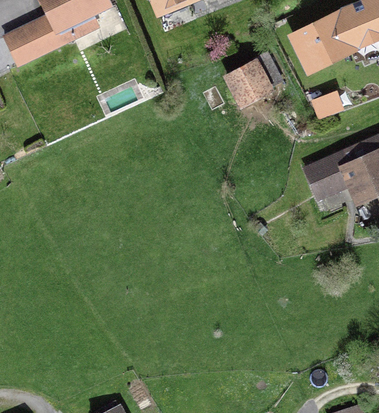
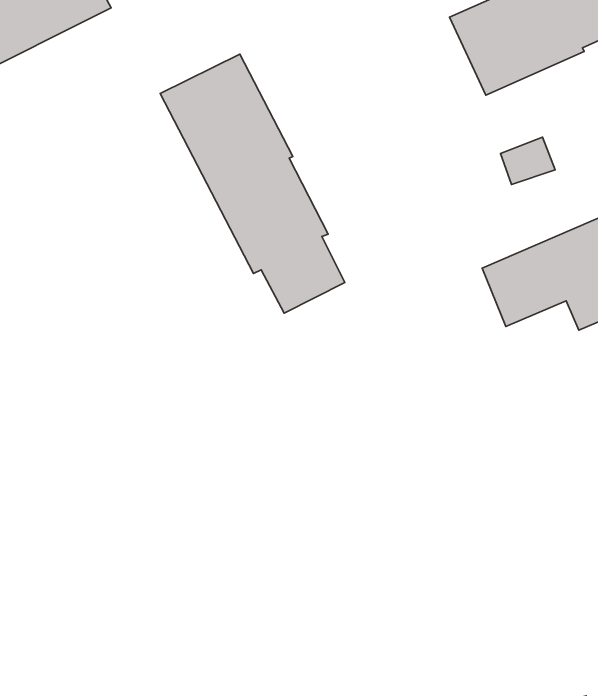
building: none -> [160,54,345,313]
building: [227,61,269,102] -> none

